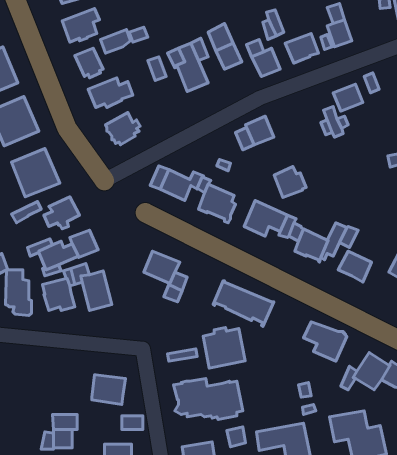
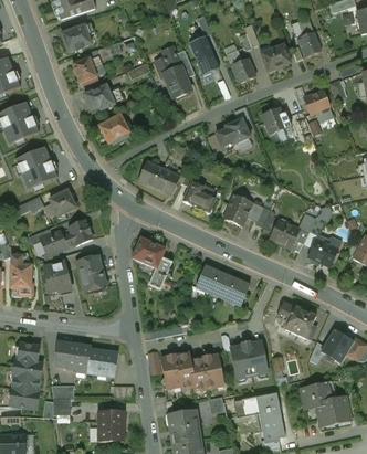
building: [274,166,306,197] -> [262,107,291,135]
building: [203,327,245,368] -> [229,339,266,376]
building: none -> [55,340,91,369]
building: none -> [10,342,40,409]

